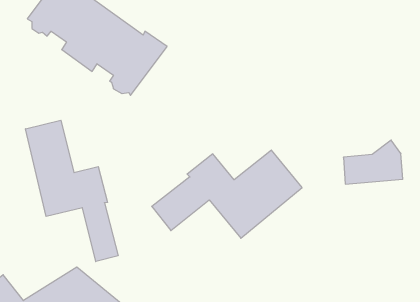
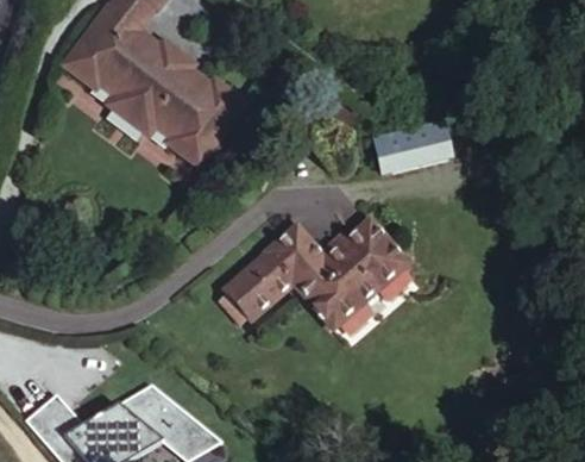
building: [26,120,118,262] -> none
building: [343,140,403,184] -> [379,112,453,167]

